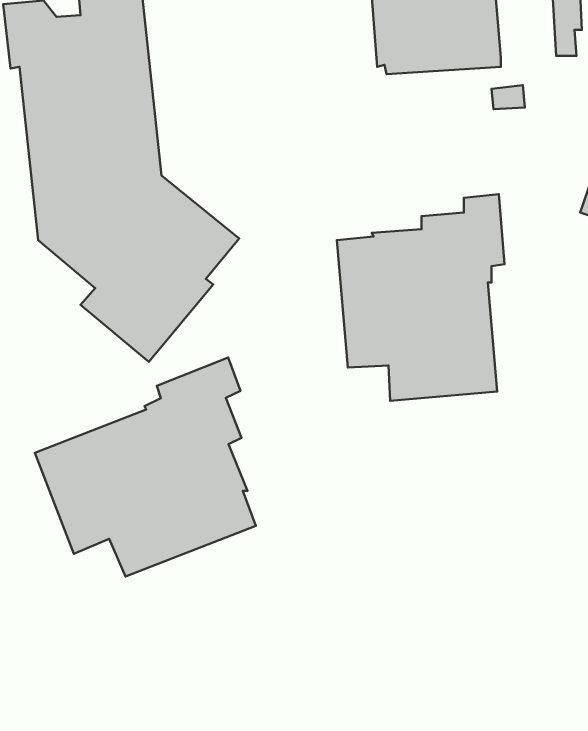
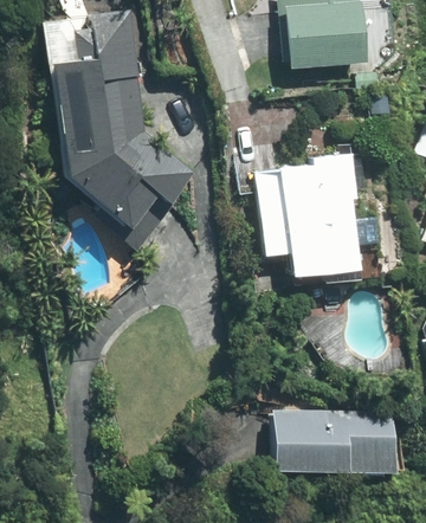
building: [35,357,256,576] -> none
building: none -> [271,411,395,473]

